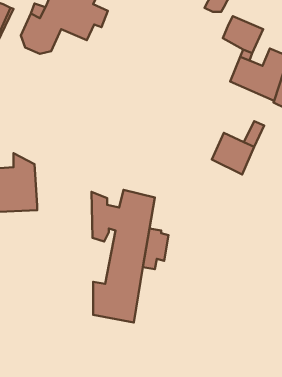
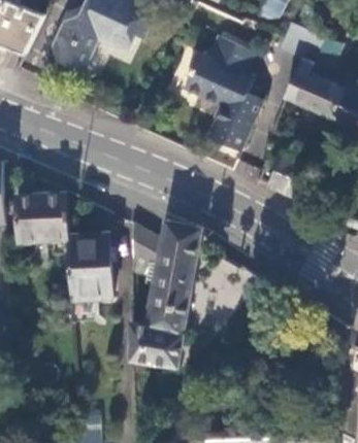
building: none -> [185,35,259,150]
building: none -> [70,236,112,302]

